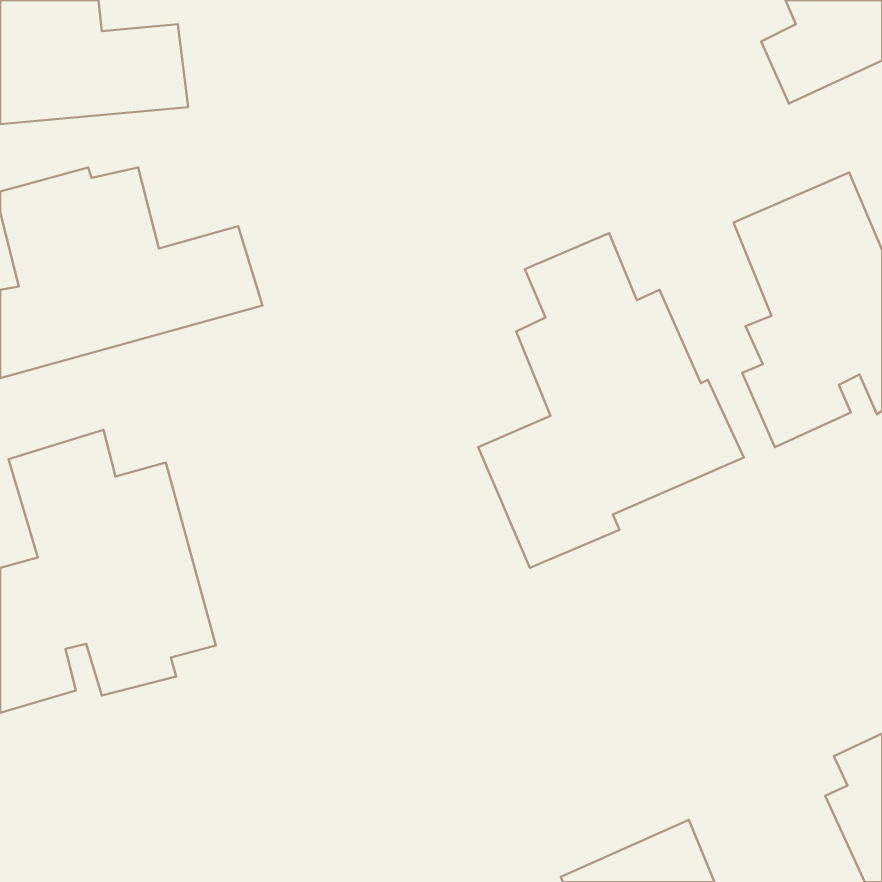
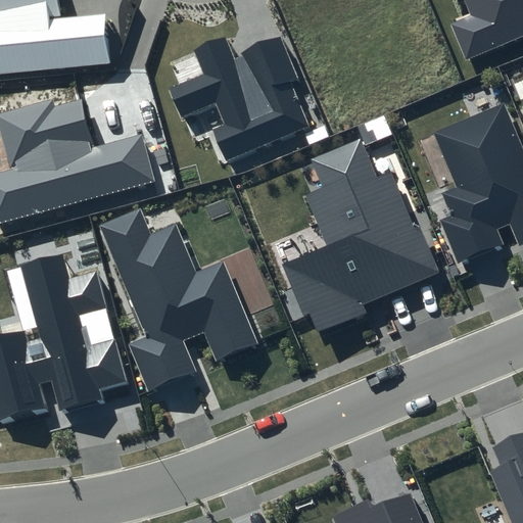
building: none -> [170,37,311,163]
building: none -> [99,209,258,393]

